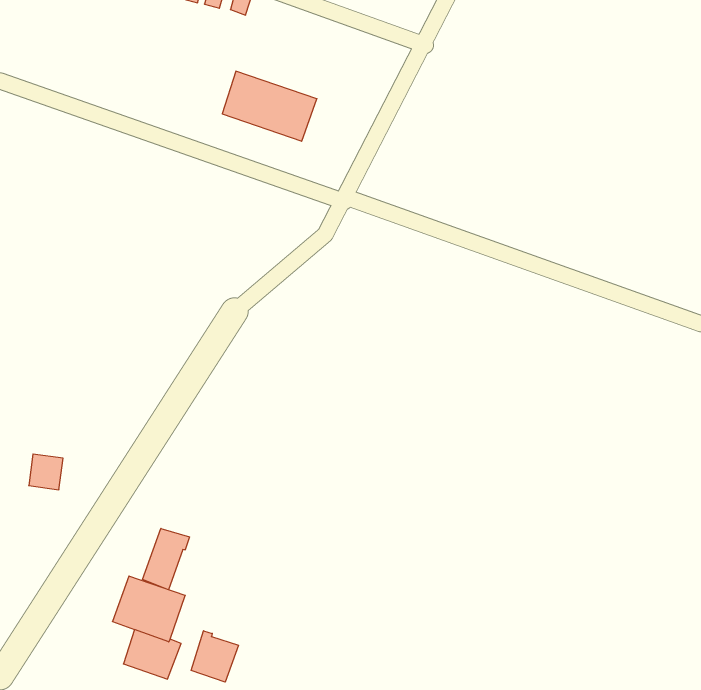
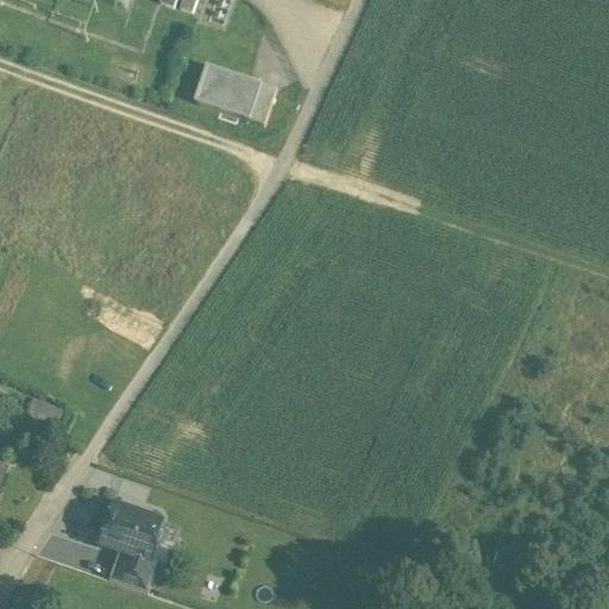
building: [143,528,189,590] -> none
building: [191,631,238,682] -> none

